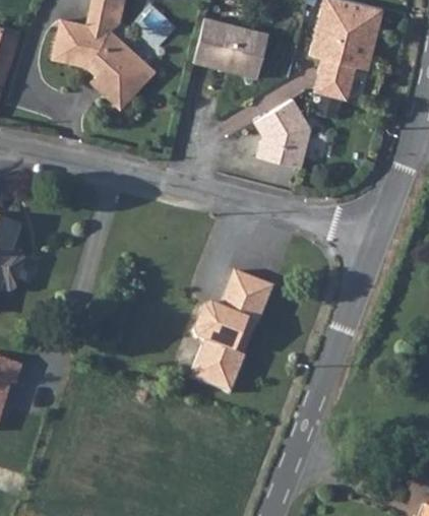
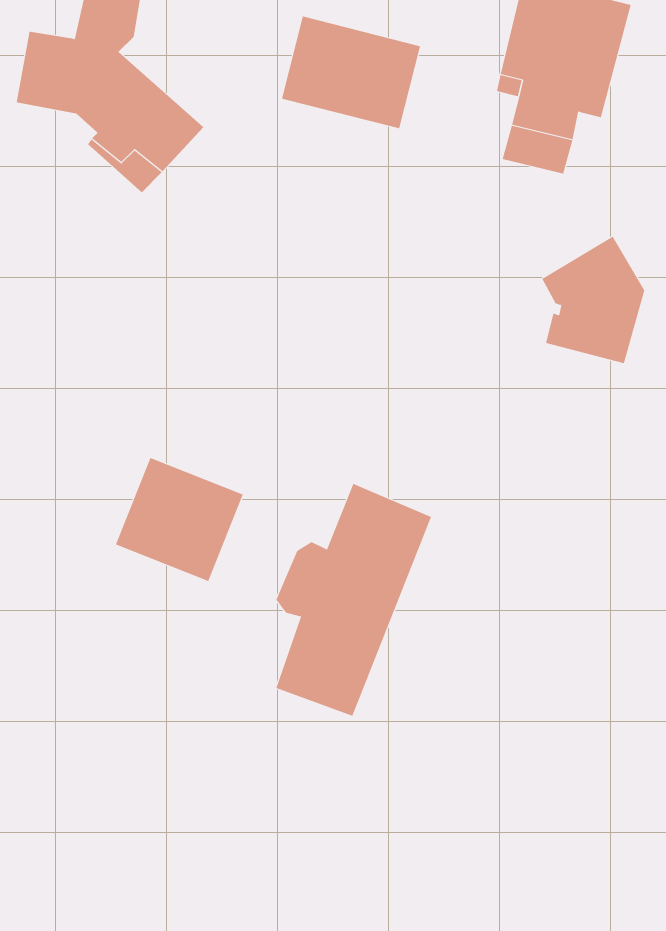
building: [253,98,309,167] -> [542,236,645,364]
building: none -> [115,457,243,582]

